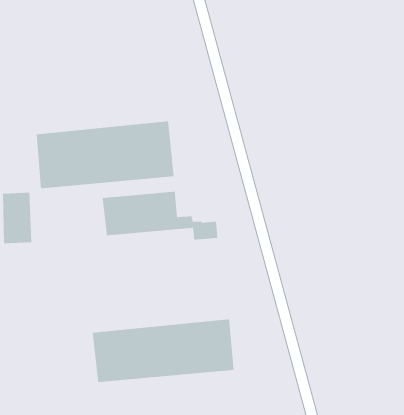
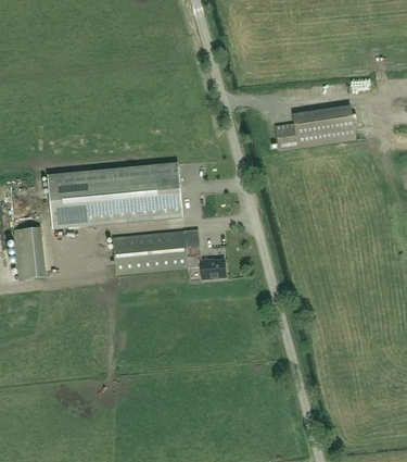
building: none -> [275,103,355,149]
building: [92,319,234,383] -> none

